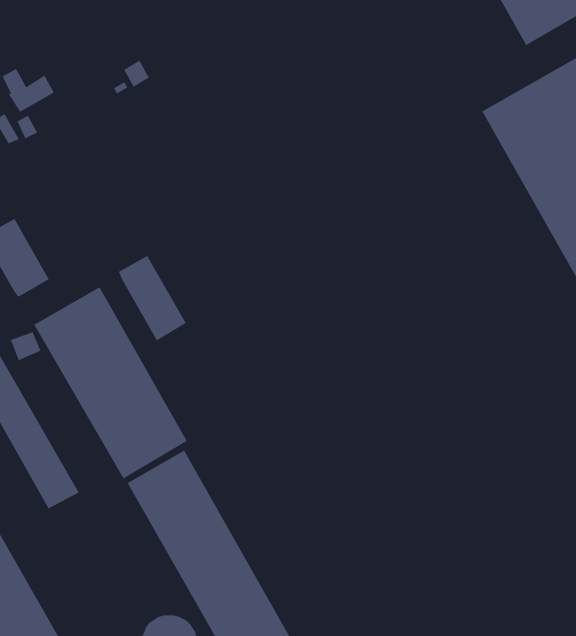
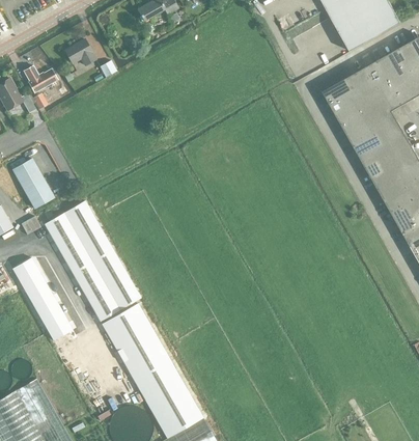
building: none -> [64,38,96,66]
building: [118,255,187,341] -> none

